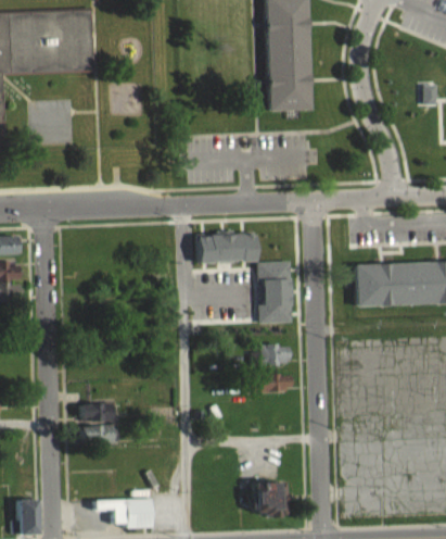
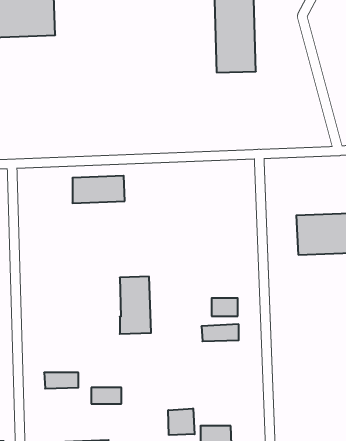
building: [200,237,256,266] -> [72,176,125,203]
building: [260,264,294,326] -> [120,277,151,334]
building: [82,406,115,424] -> [91,388,121,404]
building: none -> [168,408,195,435]

